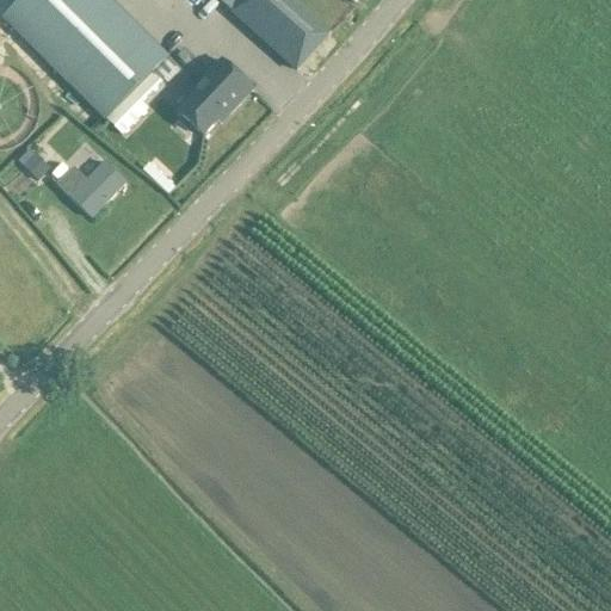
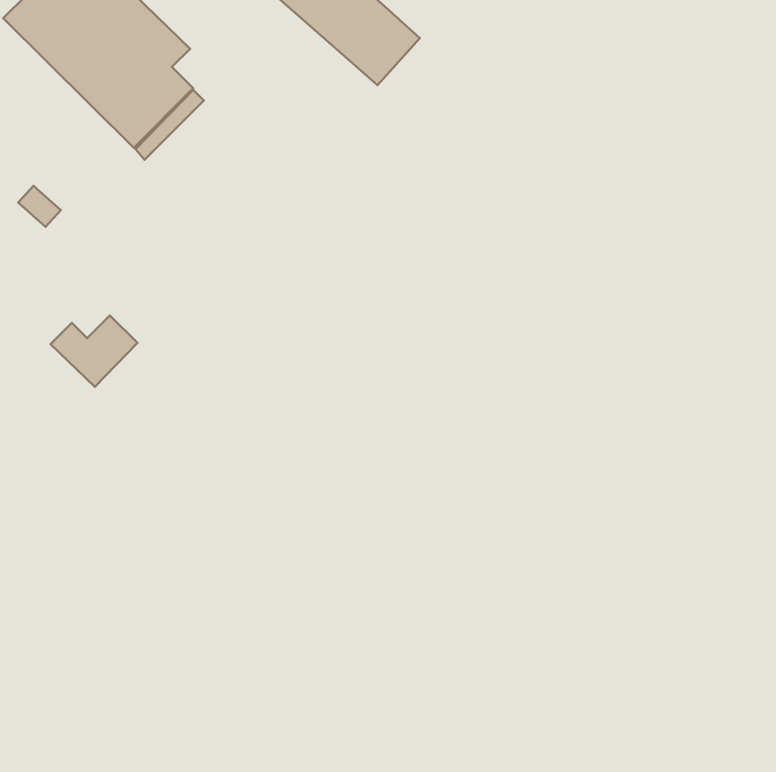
building: [177,57,252,134] -> none
building: [56,160,124,216] -> [51,315,137,387]

